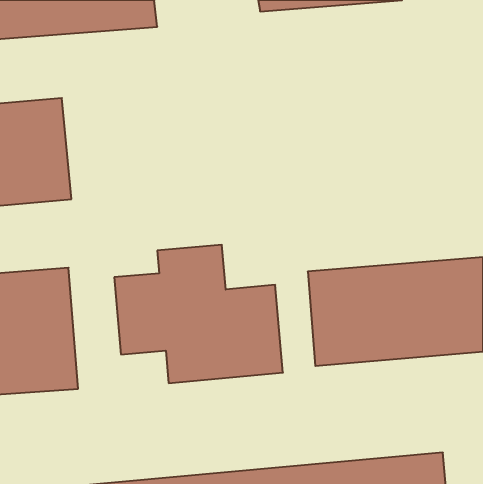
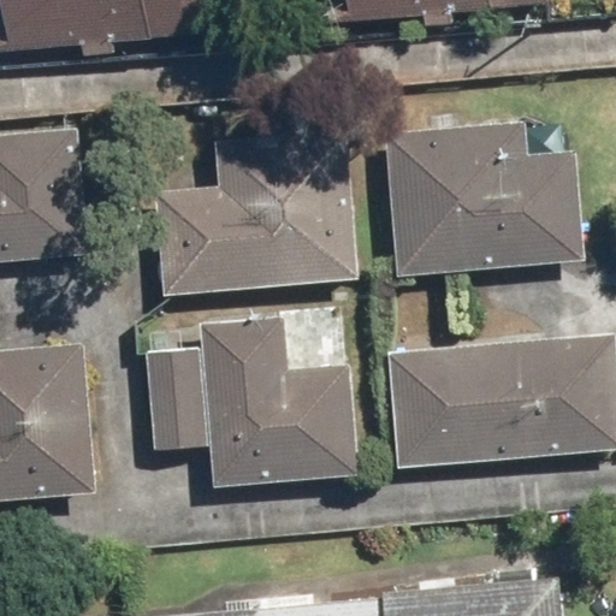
building: none -> [381,123,585,280]
building: none -> [150,131,359,297]

